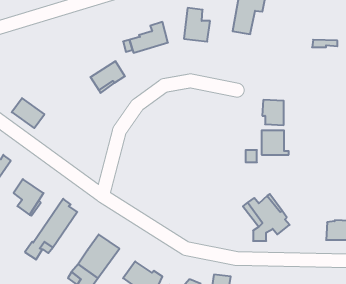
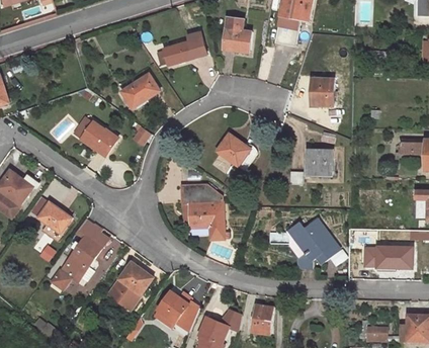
building: [12,98,44,128] -> [81,121,116,154]
building: [262,100,284,125] -> [310,78,333,105]
building: none -> [217,134,256,169]
building: none -> [180,183,224,243]

